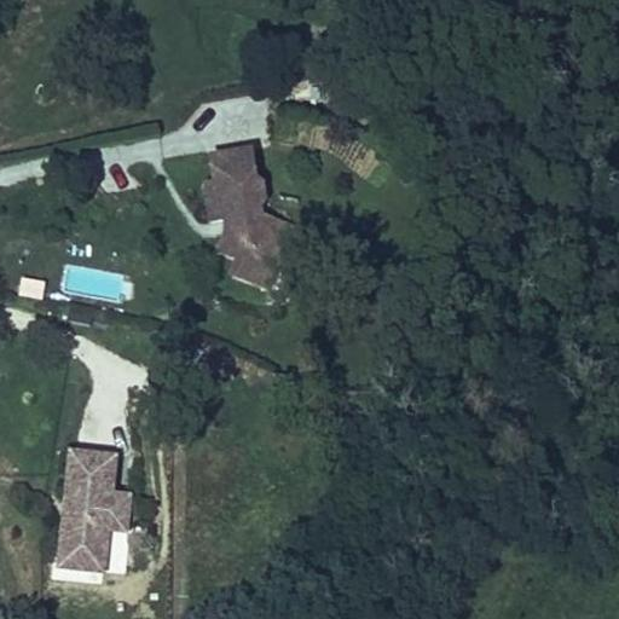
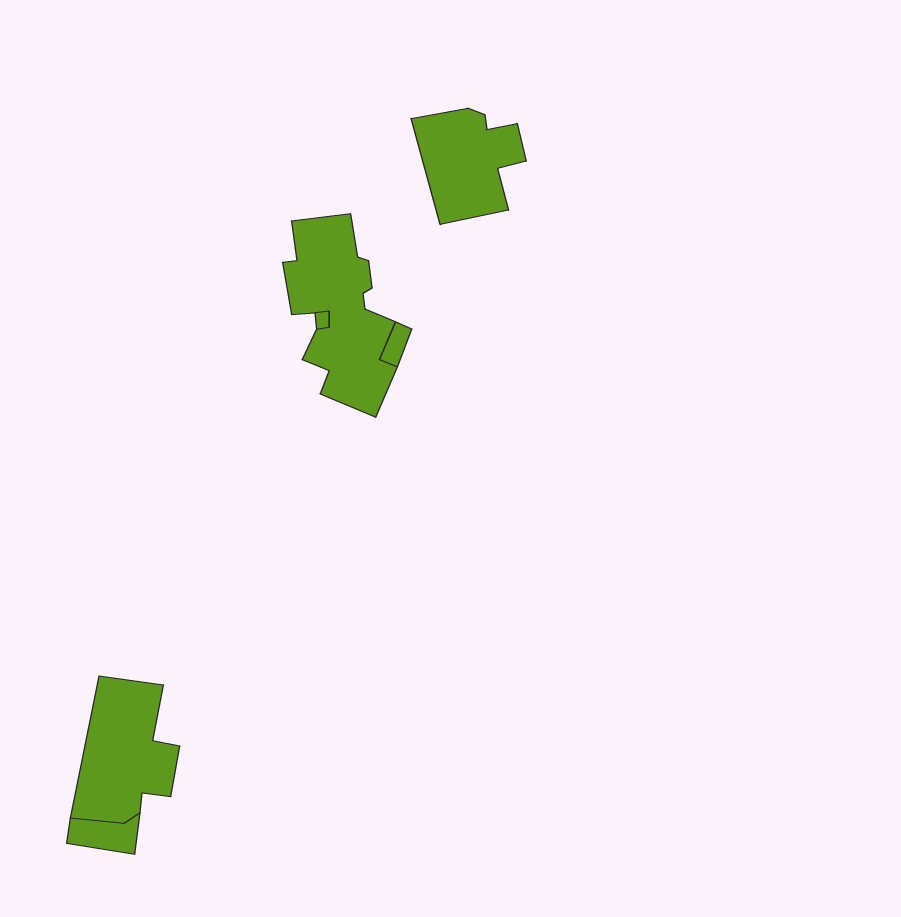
building: none -> [411,108,526,225]

